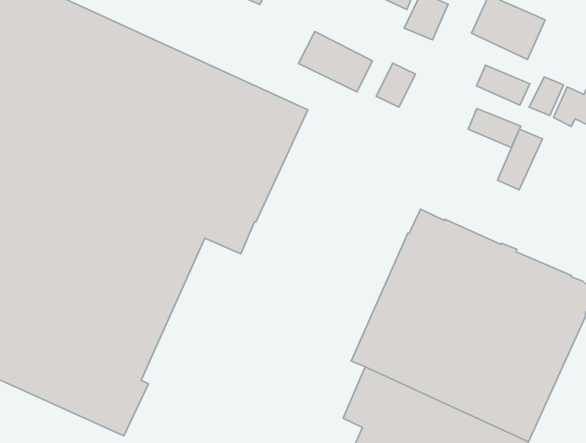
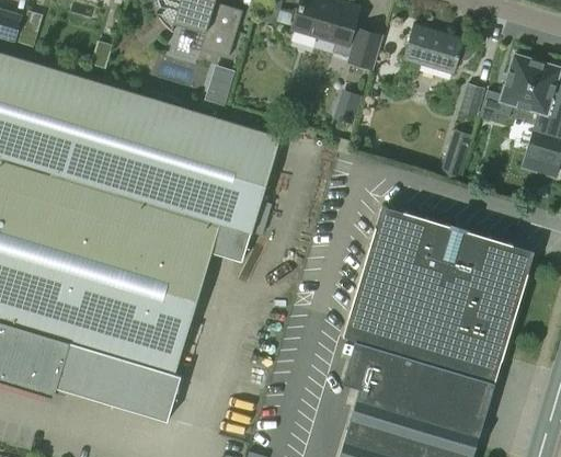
building: none -> [205,66,236,106]
building: [298,32,372,92] -> none
building: [476,65,530,105] -> none
building: [468,108,521,147] -> none

